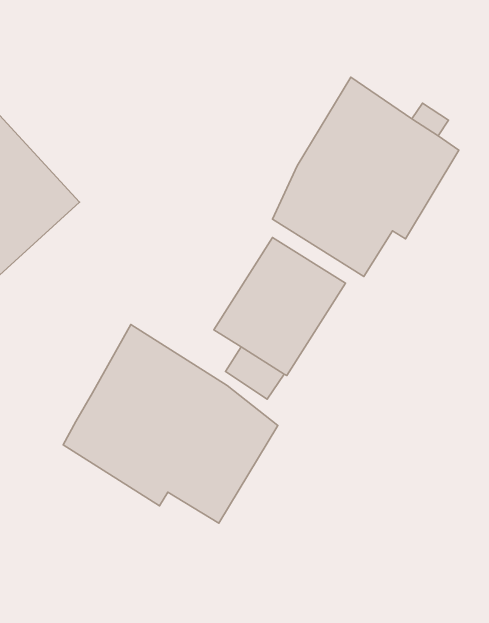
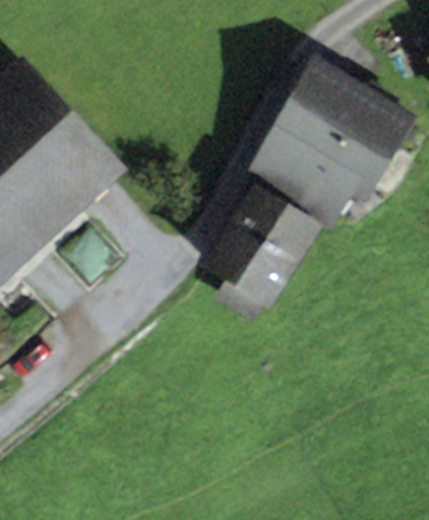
building: [63,324,278,523] -> none

